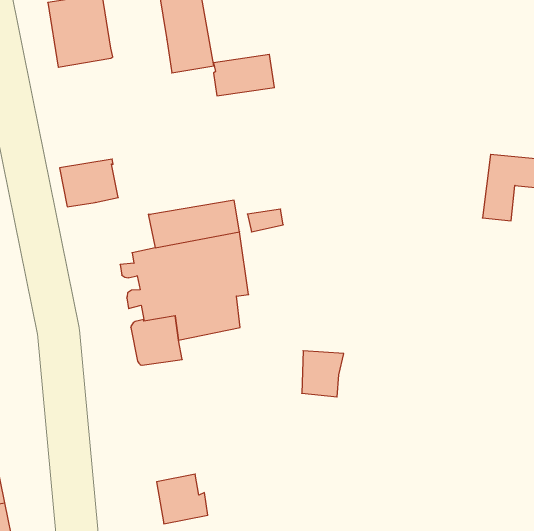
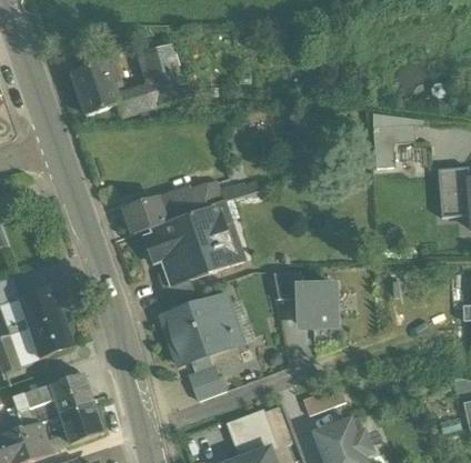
building: [213,54,274,96] -> [117,83,159,115]
building: [60,159,118,207] -> [124,195,166,231]
building: none -> [163,295,240,361]
building: none -> [298,283,337,324]

